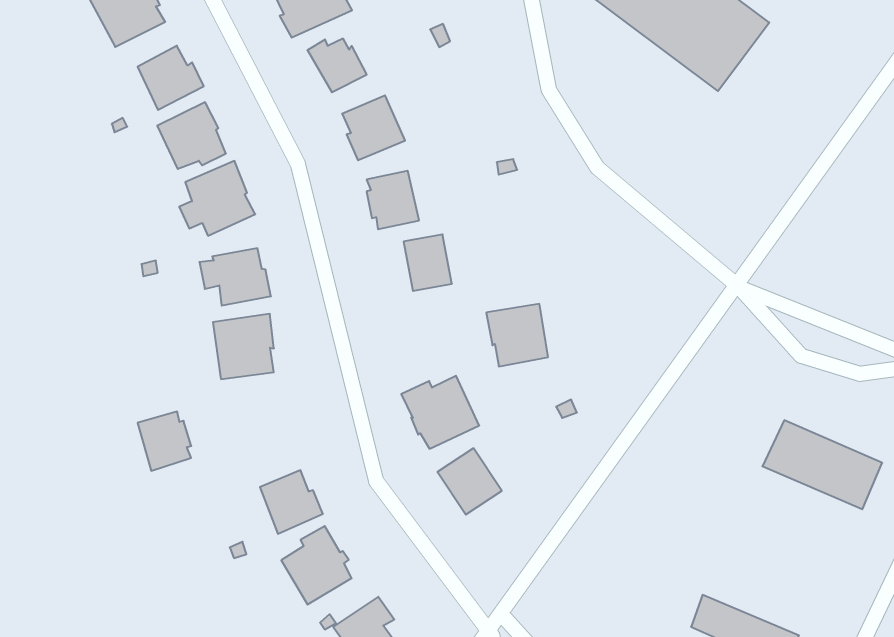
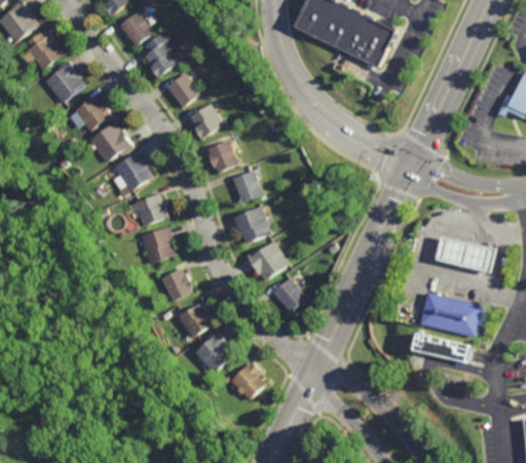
building: [486,304,548,366] -> [231,207,267,243]
building: [138,412,191,471] -> [160,269,191,302]
building: none -> [420,293,483,337]

